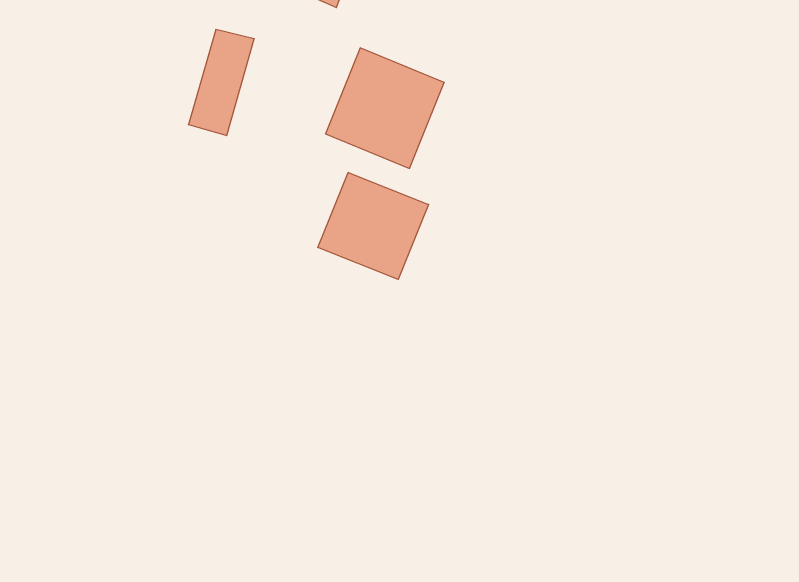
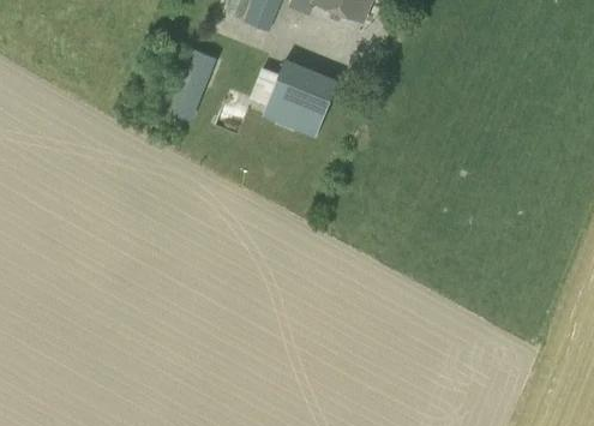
building: [318,172,429,279] -> none

